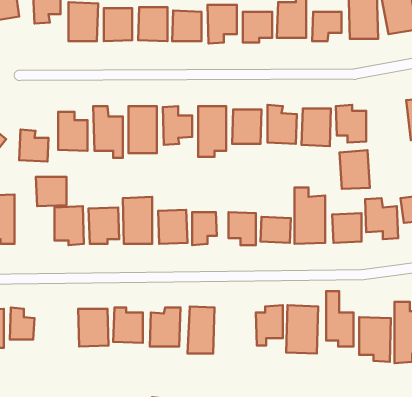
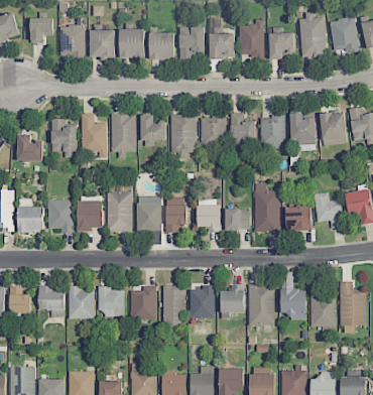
building: [339,150,370,189] -> [320,112,346,145]
building: [36,177,66,206] -> [17,207,43,232]
building: none -> [189,285,214,318]
building: none -> [37,286,65,315]

